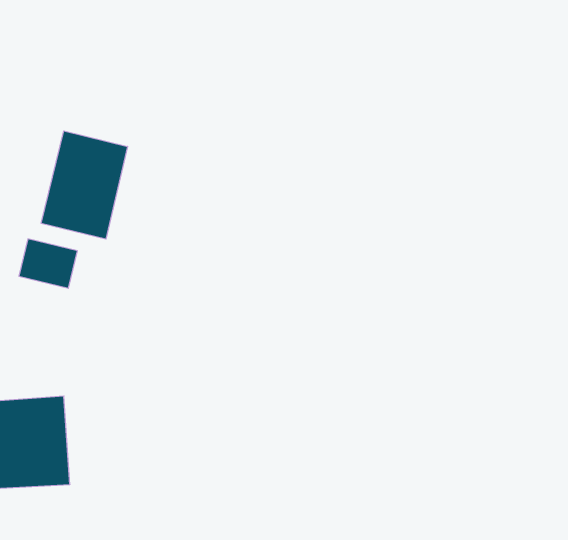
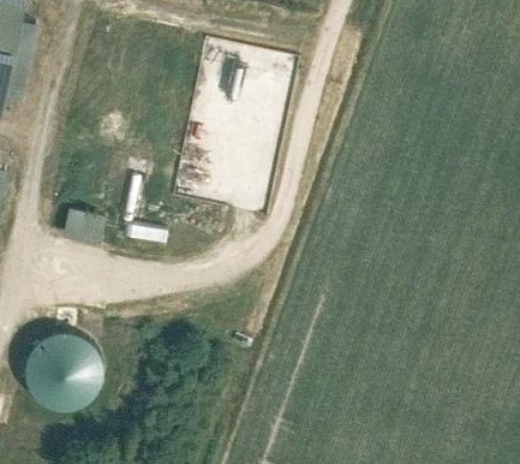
building: [41,131,128,239] -> none

